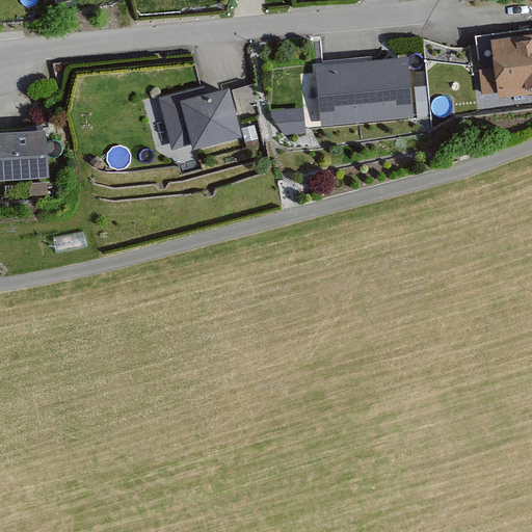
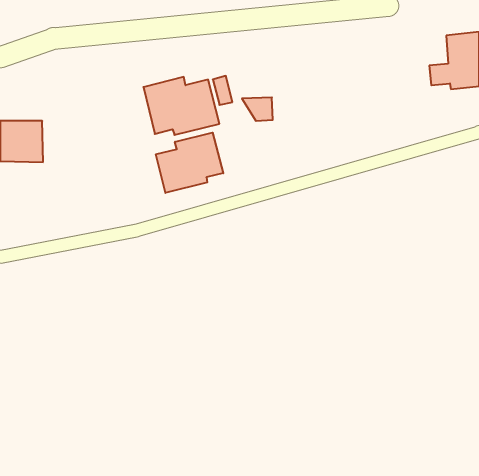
building: [316,59,410,124] -> none
building: none -> [156,133,223,193]

